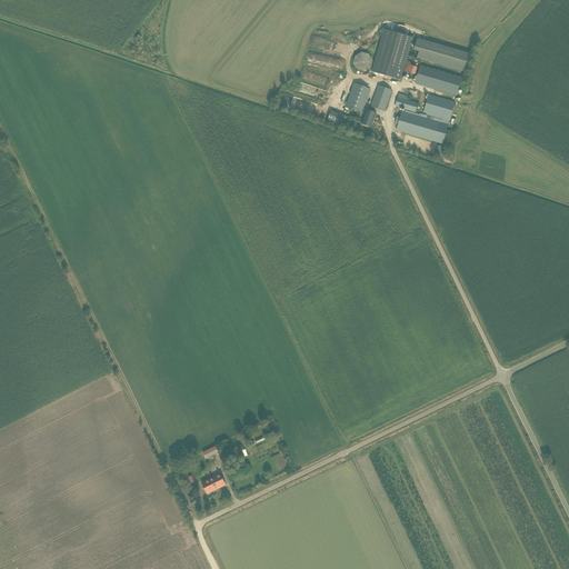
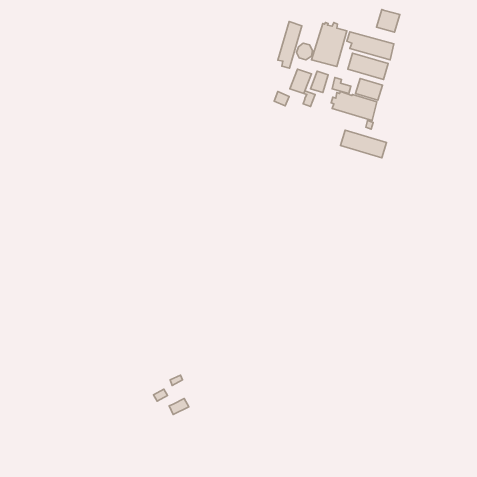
building: none -> [376,10,400,32]
building: none -> [278,22,302,68]
building: none -> [340,130,386,158]

